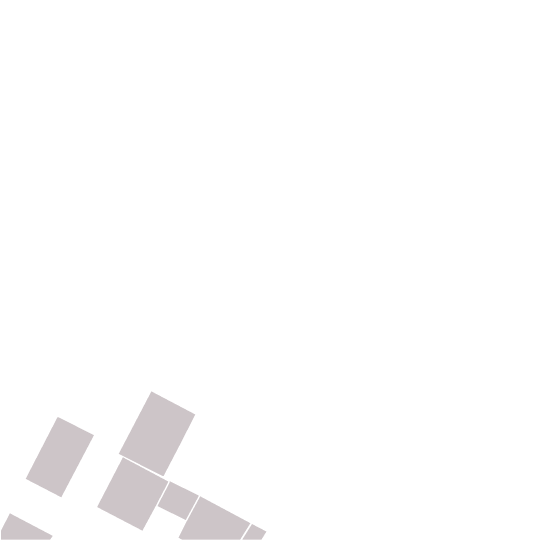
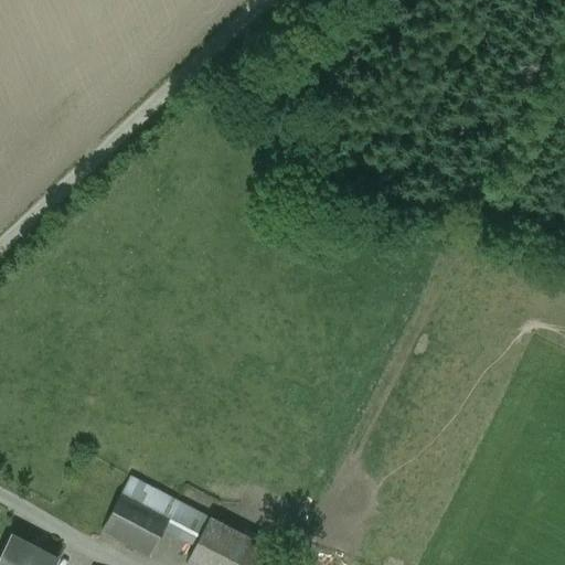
building: [118,391,196,477] -> none
building: [25,417,95,498] -> none

